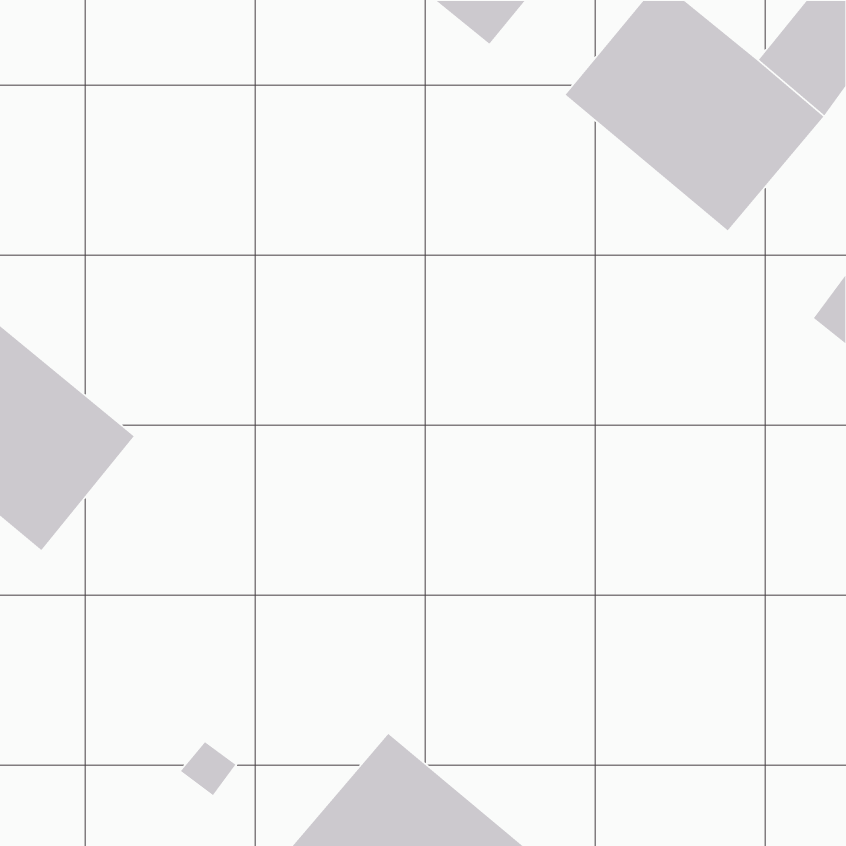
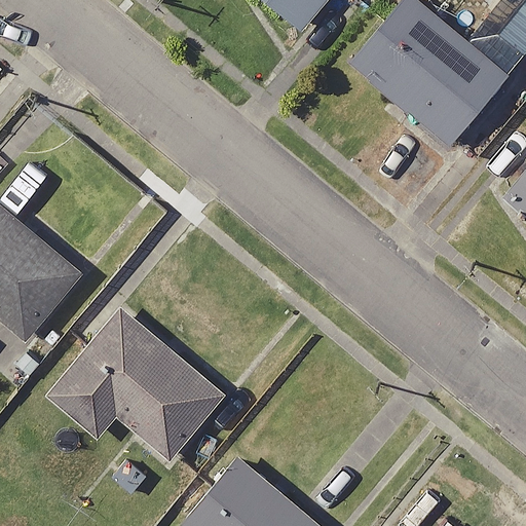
building: none -> [45,306,226,462]

